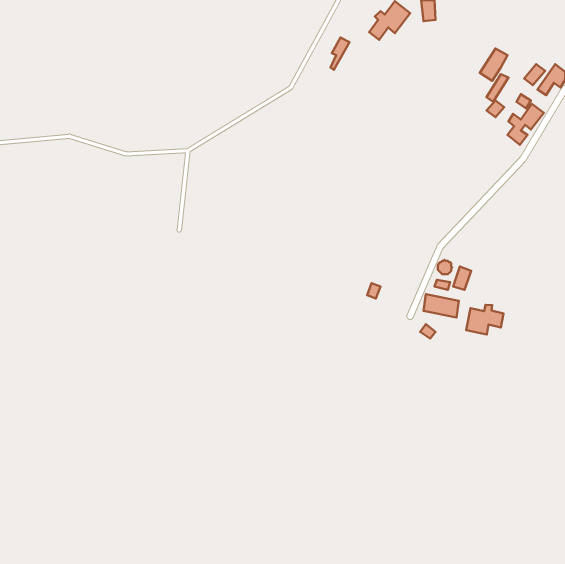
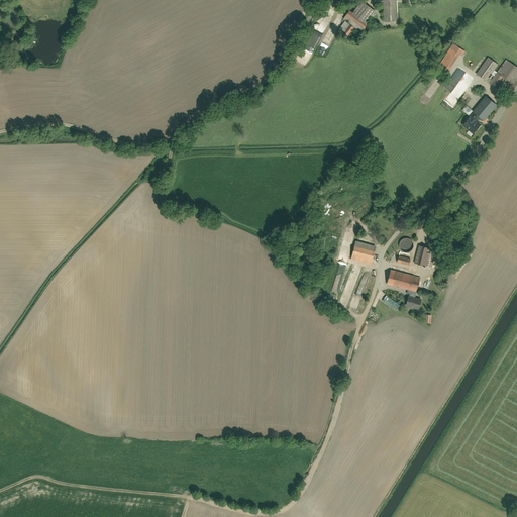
building: none -> [350,240,374,263]
building: [466,305,504,334] -> none

